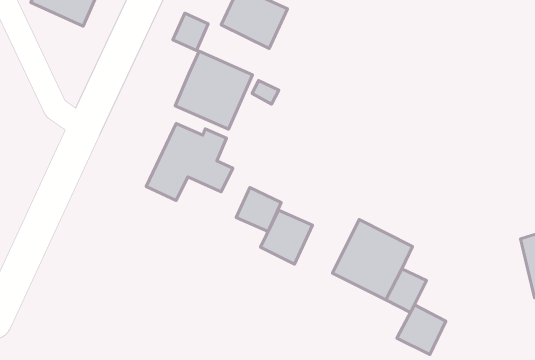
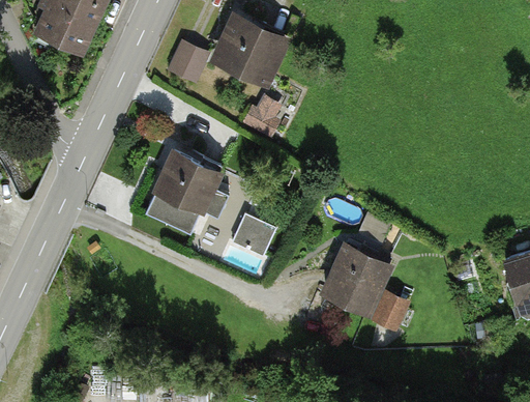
building: [175,51,252,129] -> none
building: [261,210,312,264] -> none
building: [397,305,446,355] -> none

